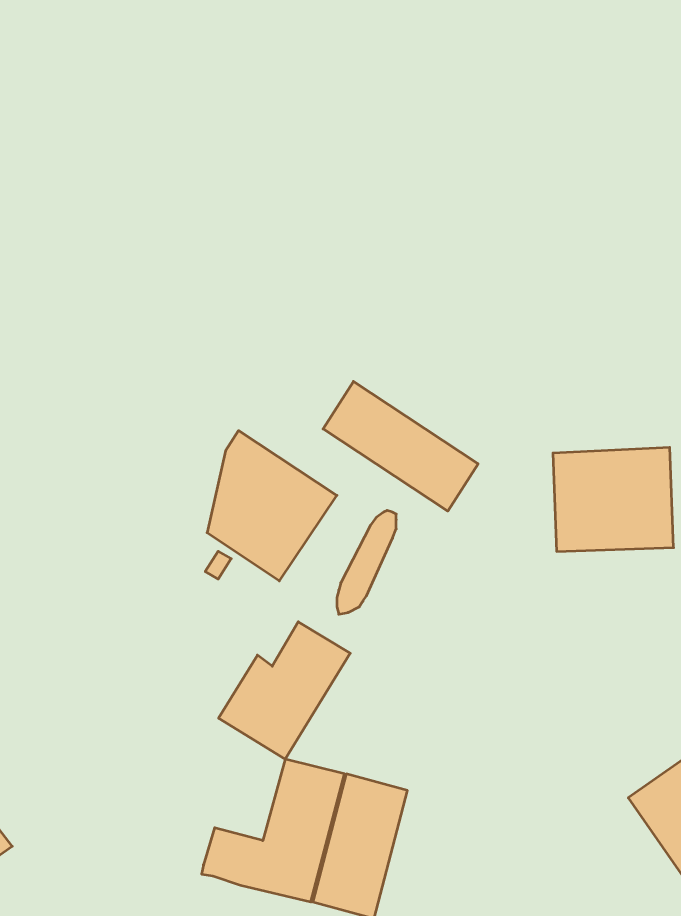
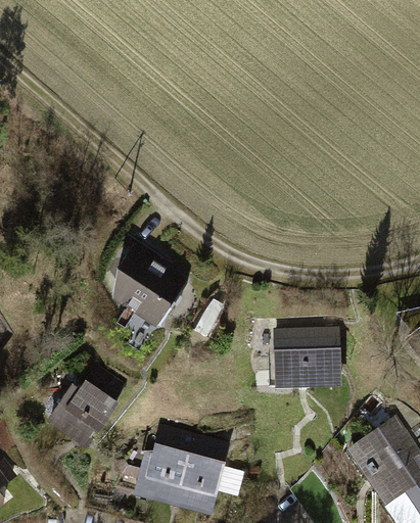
building: [323,381,478,511] -> none
building: [553,447,674,551] -> [274,327,340,384]
building: [219,622,350,759] -> [51,368,124,443]

